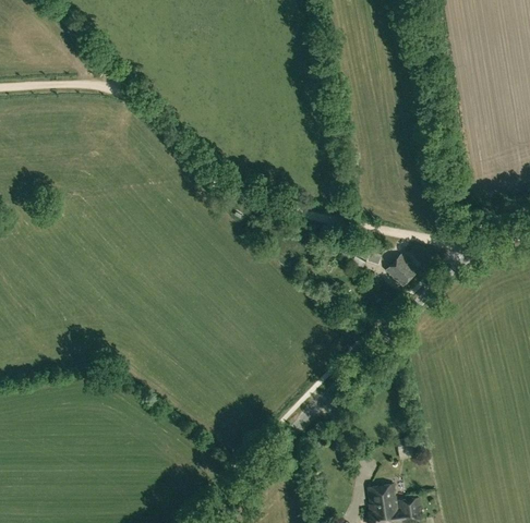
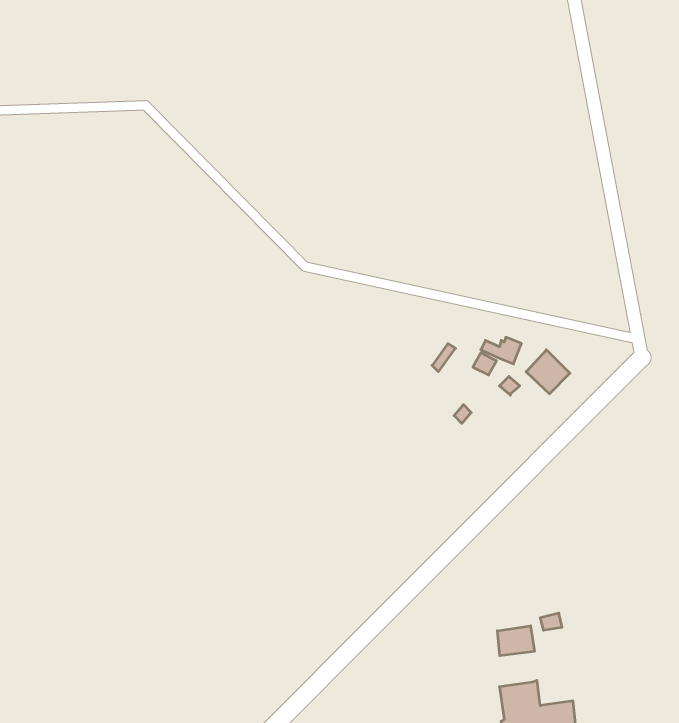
building: none -> [497,626,534,656]

